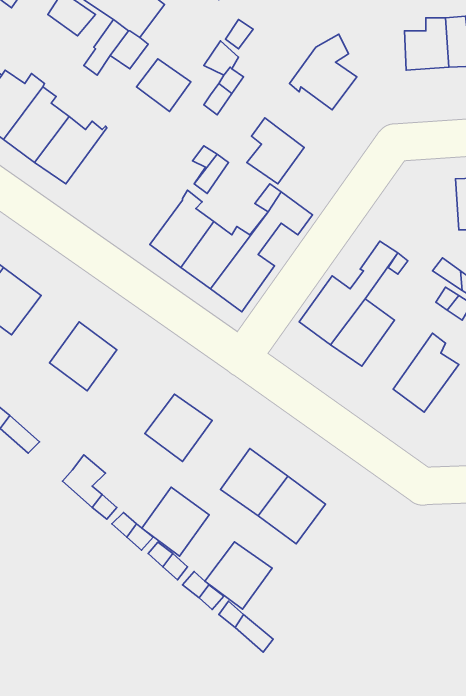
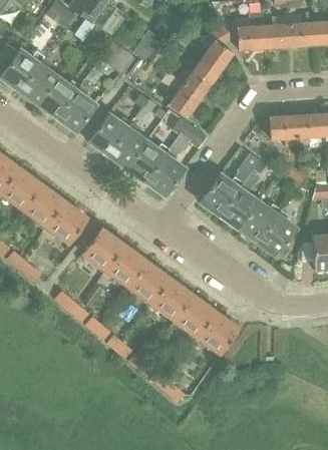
building: none -> [224,18,265,50]
building: none -> [179,58,220,95]
building: none -> [57,83,96,131]
building: none -> [89,113,128,154]
building: none -> [270,114,297,147]
building: none -> [24,185,65,227]
building: none -> [238,200,281,243]
building: none -> [82,229,123,270]
building: [142,487,209,556] -> [128,262,170,304]
building: [205,542,272,609] -> [198,313,239,354]

